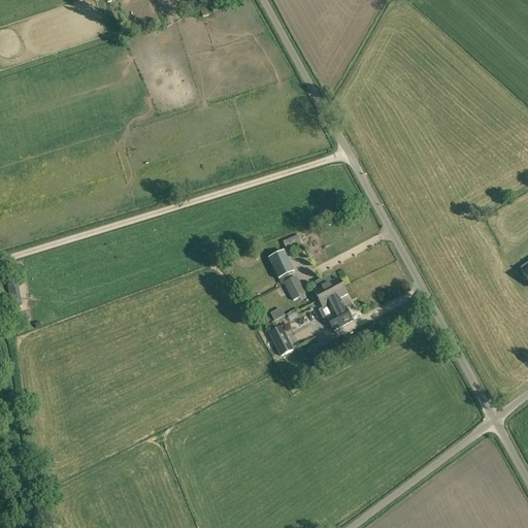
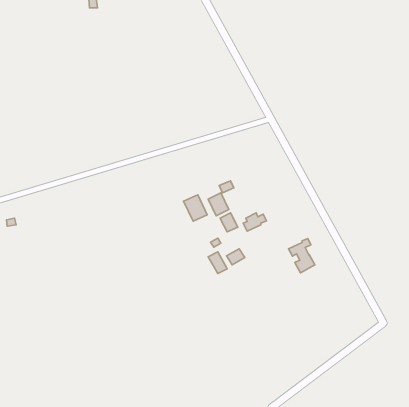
building: none -> [184,195,207,221]
building: [319,285,353,329] -> [289,239,315,273]

